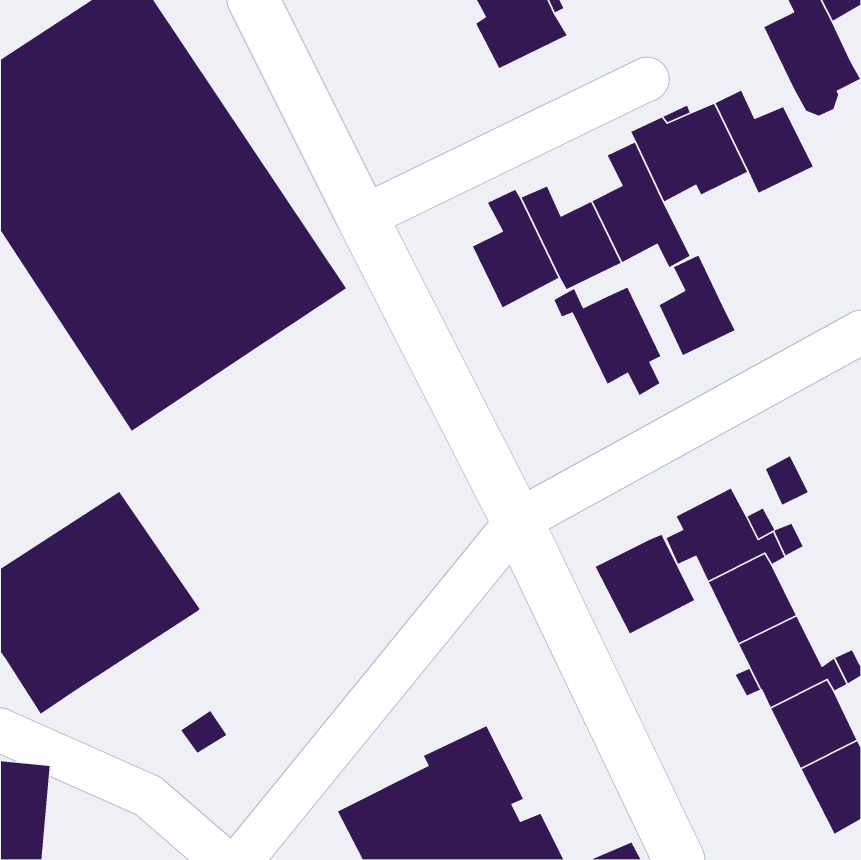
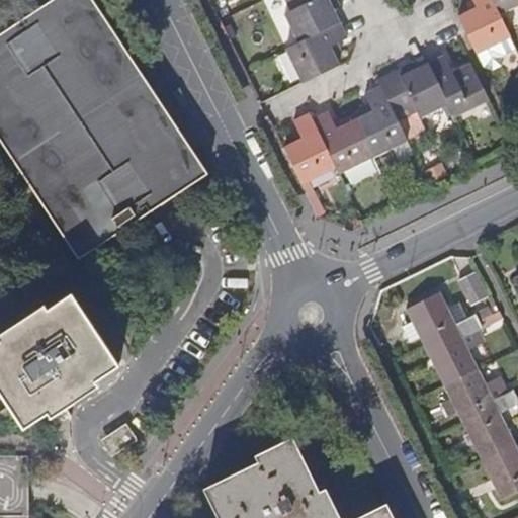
building: none -> [285,21,349,82]
building: [659,255,736,356] -> none
building: [553,286,661,396] -> none
building: [594,534,695,634] -> none

